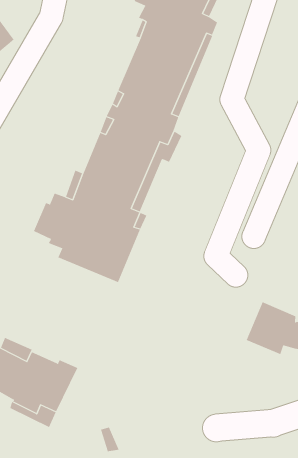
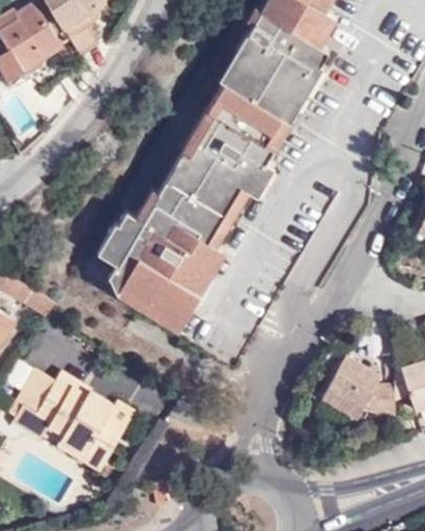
building: none -> [113,270,190,333]

